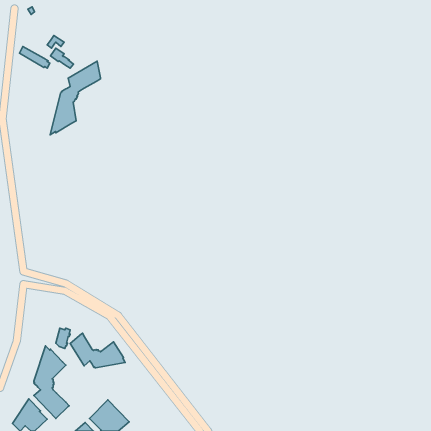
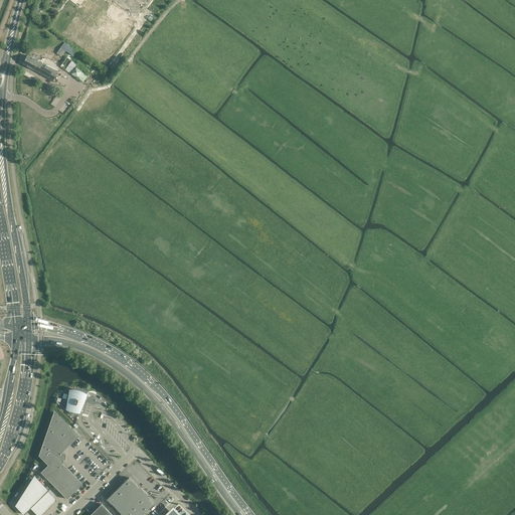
building: [50,61,101,135] -> none
building: [70,333,125,368] -> none

